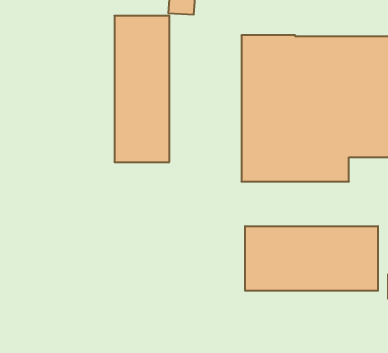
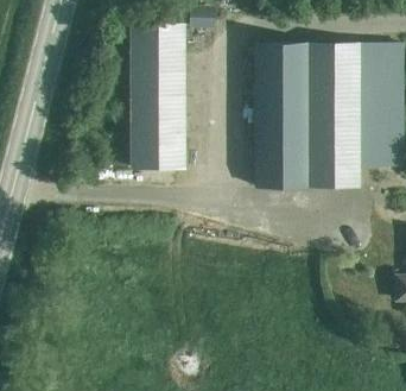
building: [245,226,378,291] -> none

